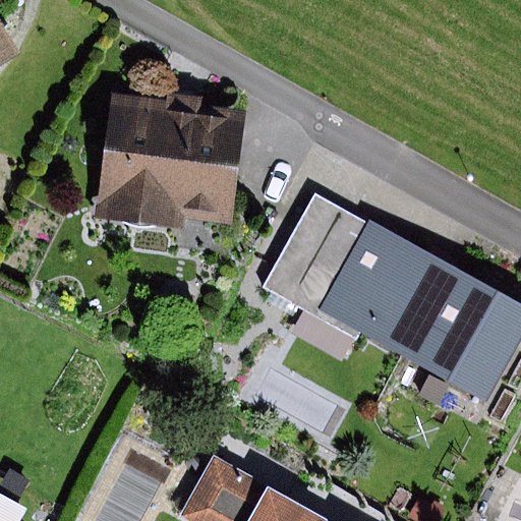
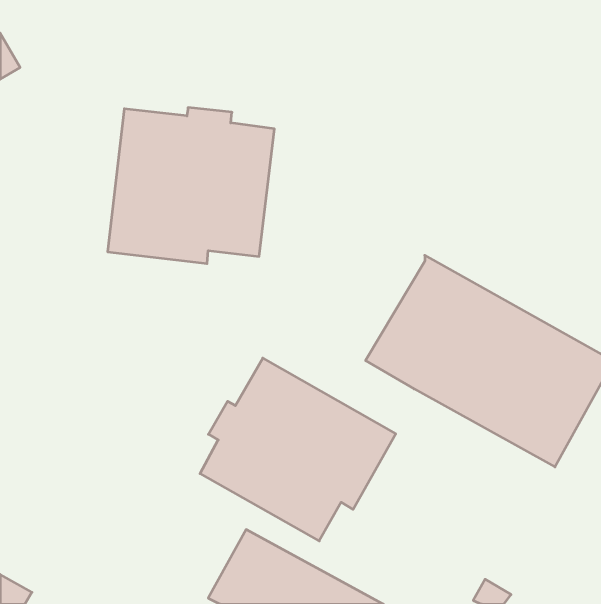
building: [262,193,368,341] -> none
building: none -> [200,358,396,541]

